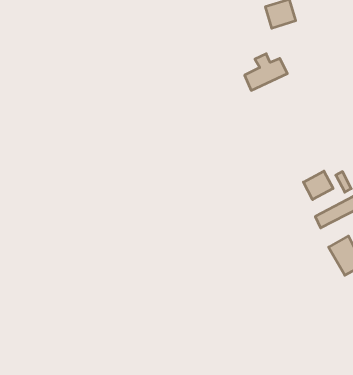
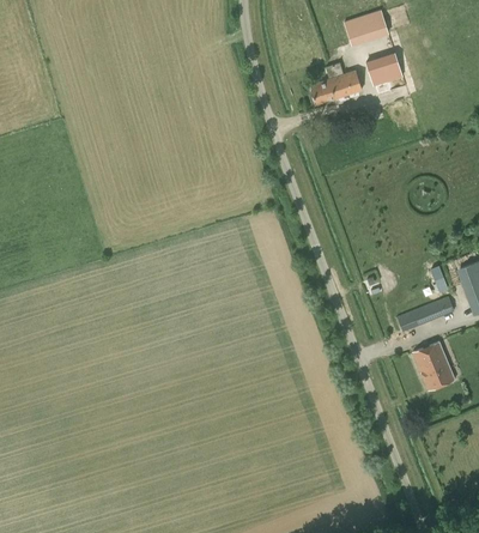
building: [245,54,287,90] -> [310,63,362,105]
building: [303,171,333,200] -> none

